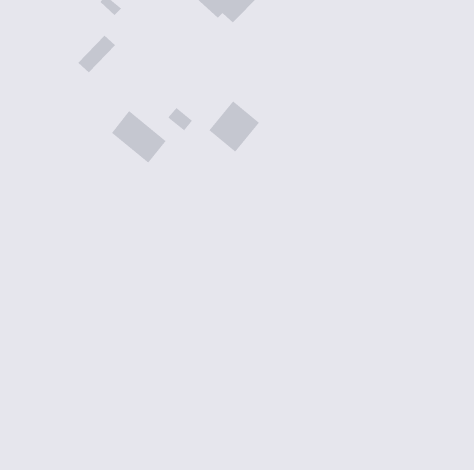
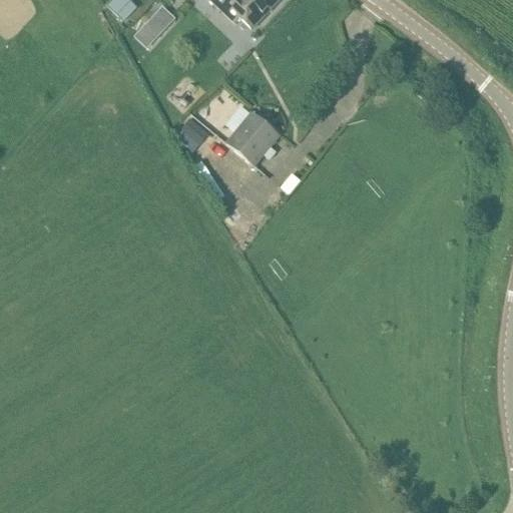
building: [78,35,116,73] -> [134,4,175,45]
building: [111,110,166,163] -> none

